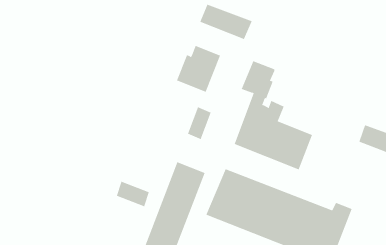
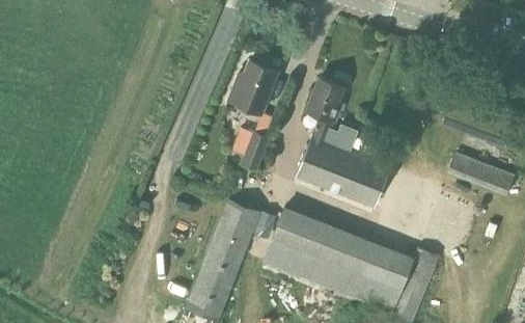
building: [200,4,253,40] -> none
building: [116,181,150,207] -> none

